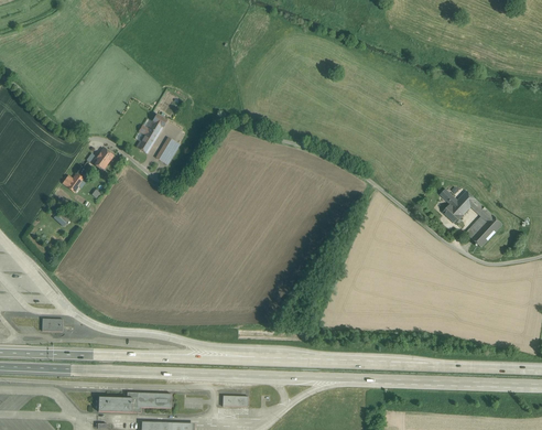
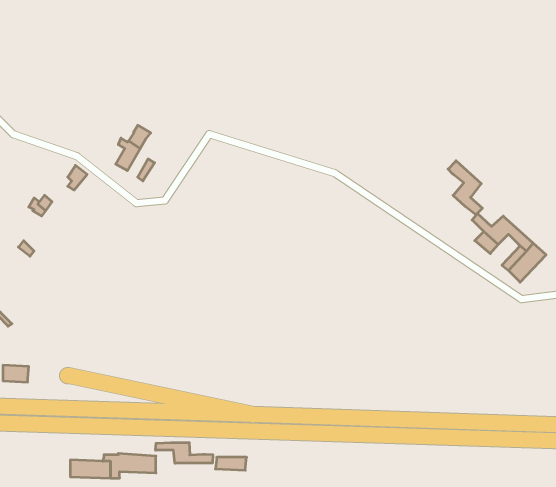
building: none -> [448,161,482,215]
building: none -> [156,443,213,463]

